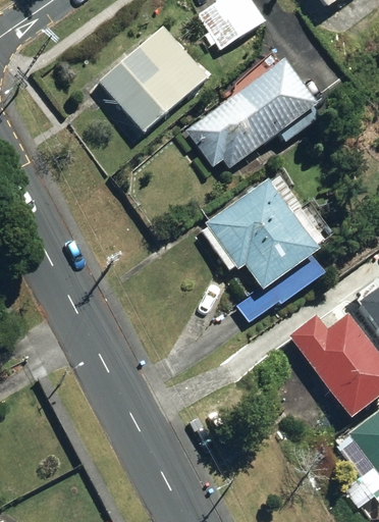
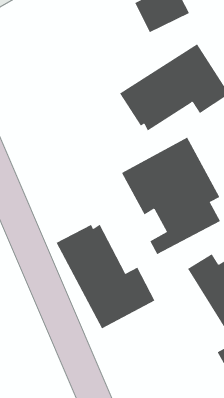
building: [95,27,209,135] -> none
building: none -> [56,224,155,329]

